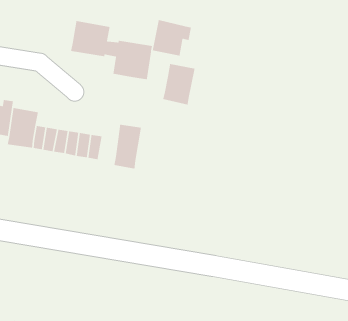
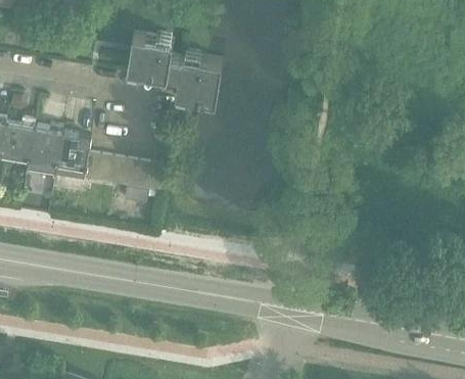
building: [152,19,192,56] -> none
building: [162,63,196,106] -> none
building: [113,124,142,170] -> none

